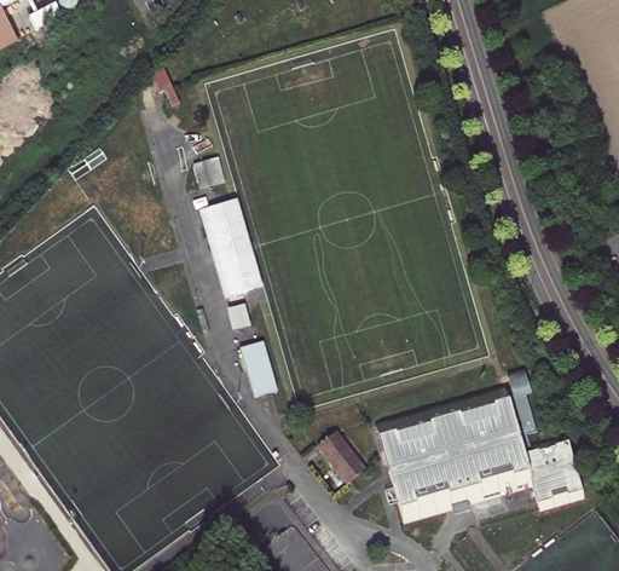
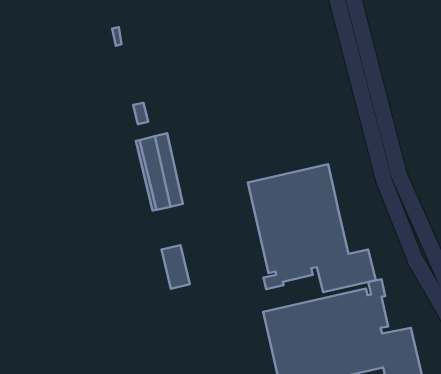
building: none -> [248,164,376,292]
building: [318,432,366,485] -> none

